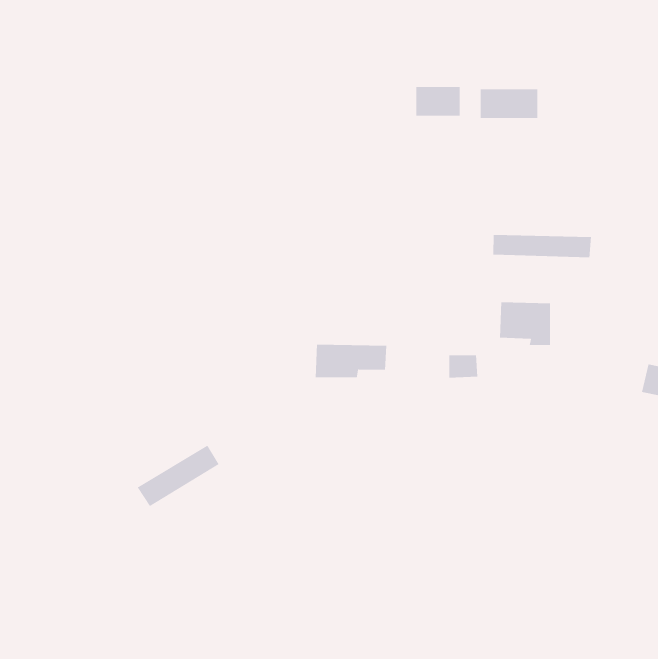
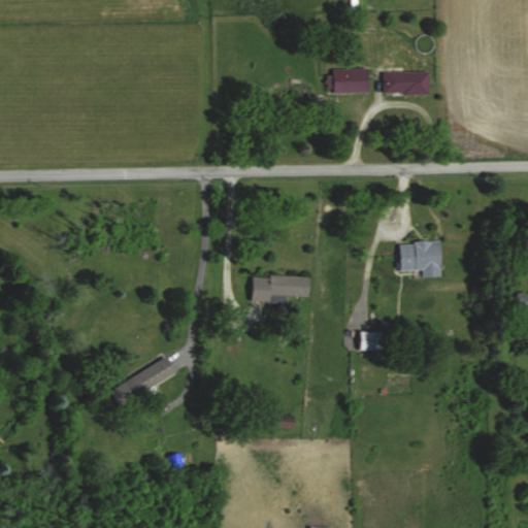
building: [493,234,592,258] -> none
building: [448,355,478,378] -> [360,332,384,351]

